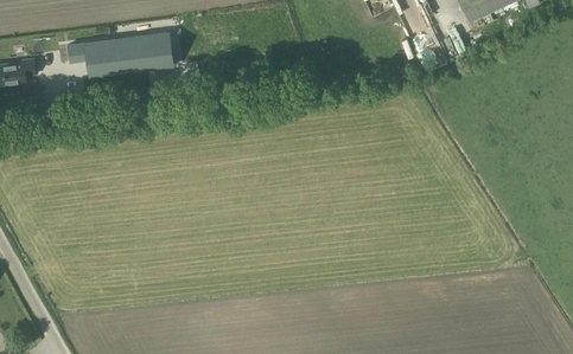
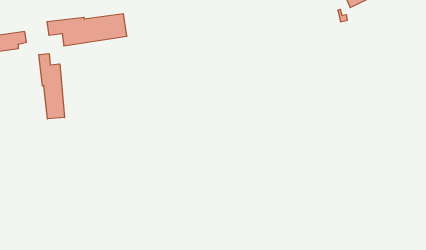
building: none -> [39,54,64,119]

